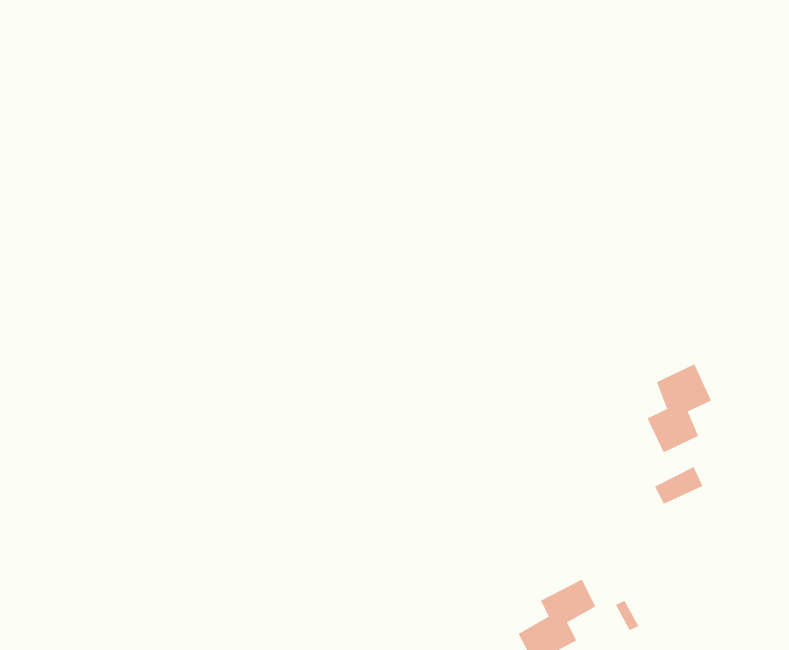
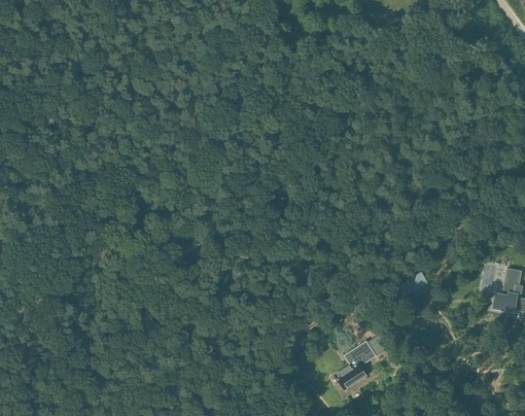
building: [647,364,712,453] -> none

